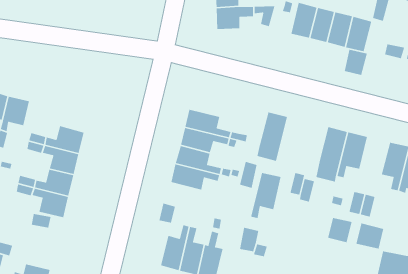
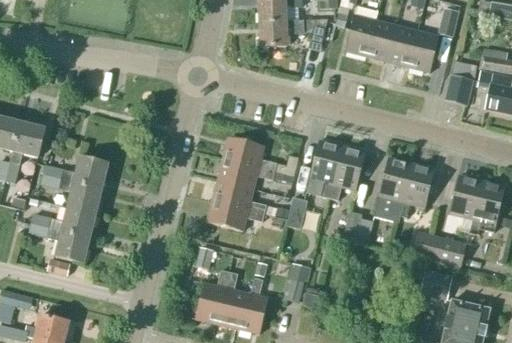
building: [344,49,368,76] -> [444,75,472,106]
building: [250,172,281,219] -> [329,146,365,200]
building: [327,217,352,243] -> [437,238,466,268]

